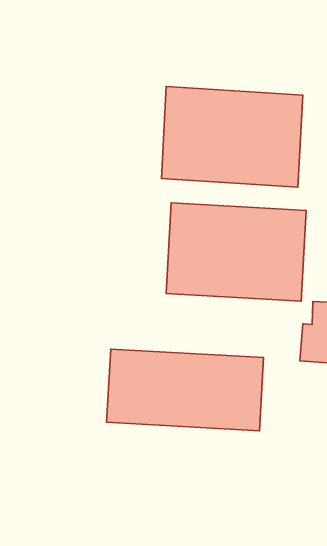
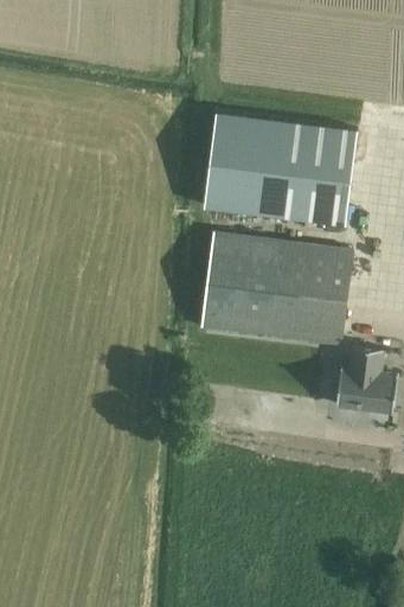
building: [107,349,264,431] -> none

